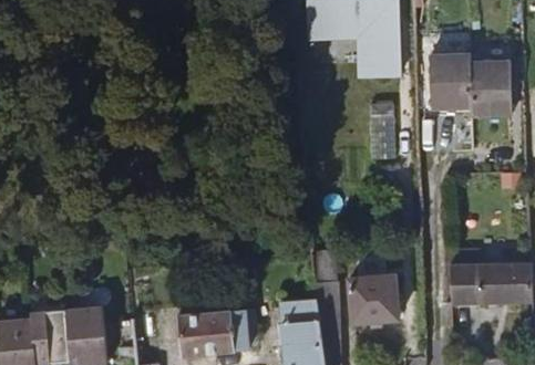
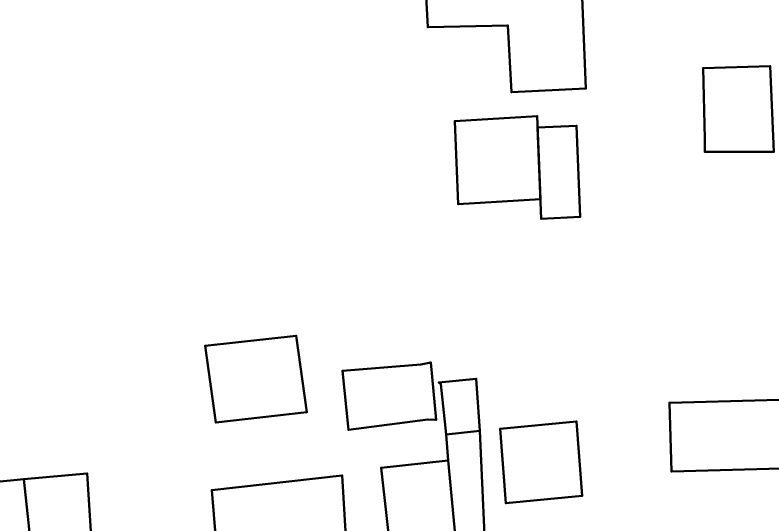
building: [429,54,471,107] -> none
building: none -> [455,116,540,204]
building: none -> [205,336,307,422]
building: none -> [343,363,436,430]

